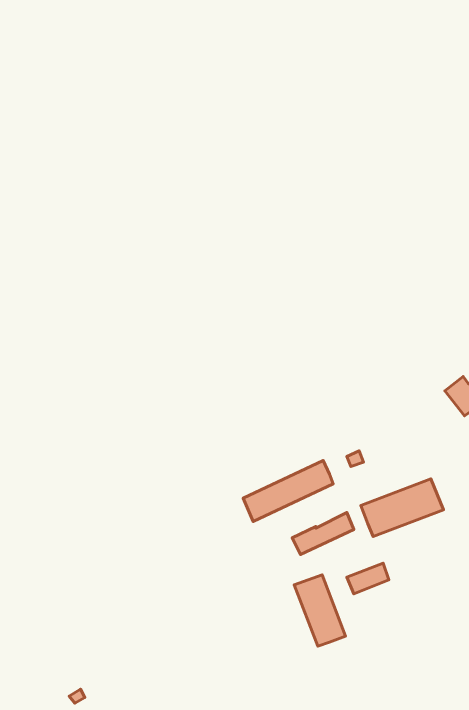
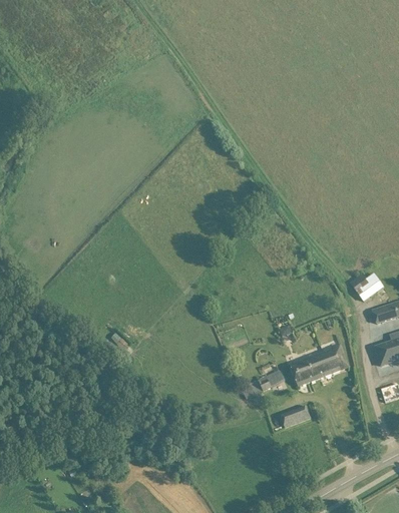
building: [243,460,333,522] -> none
building: [294,575,346,646] -> none

